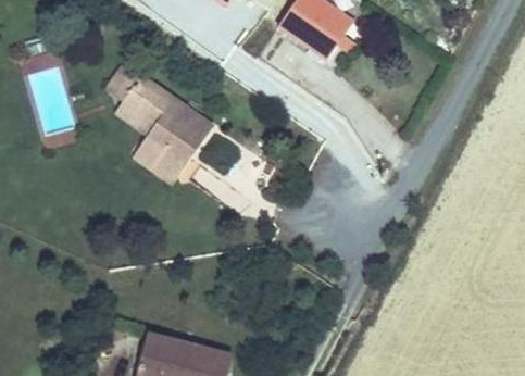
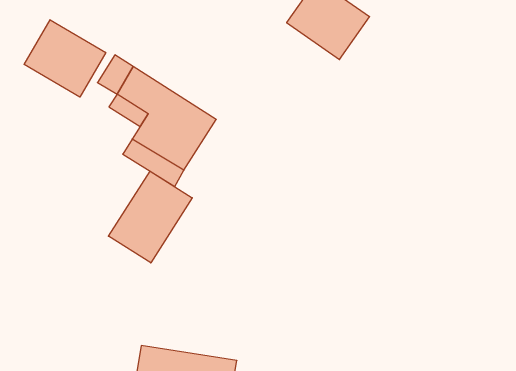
building: none -> [24,20,106,97]
building: none -> [108,171,192,263]

